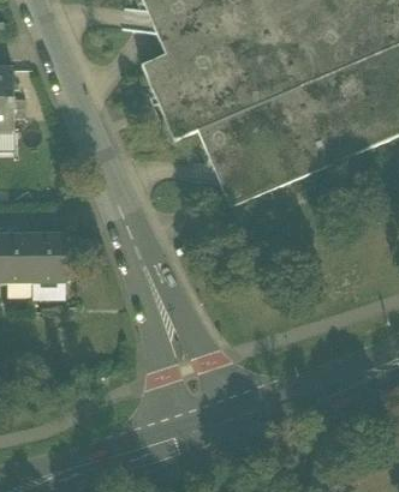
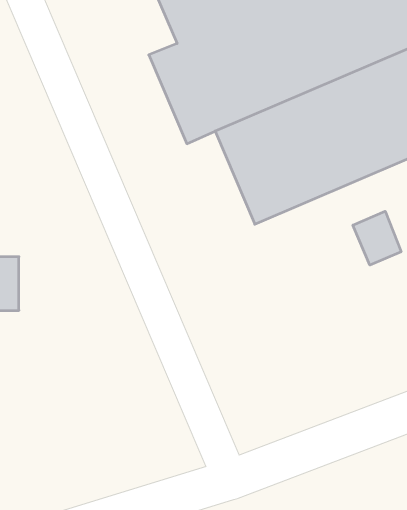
building: none -> [353,211,401,265]
building: [29,235,62,281] -> none

